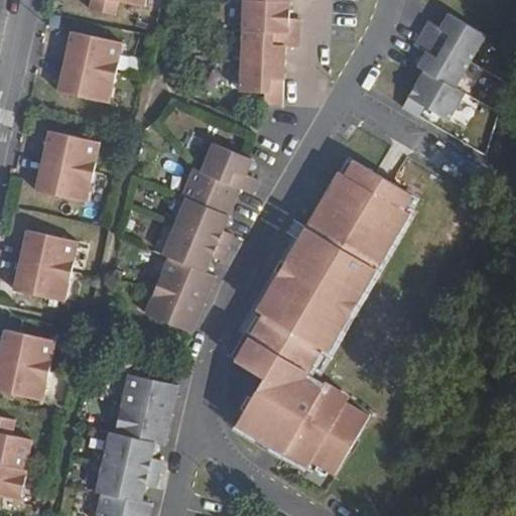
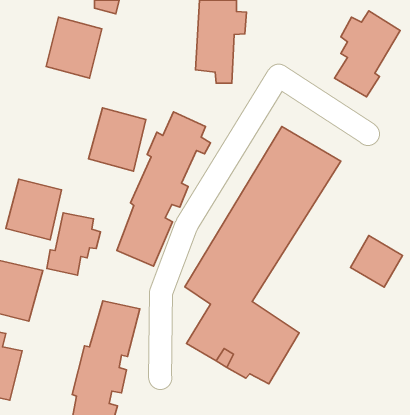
building: [31,125,102,203] -> [88,108,146,171]
building: none -> [47,213,101,275]
building: none -> [351,236,402,287]

